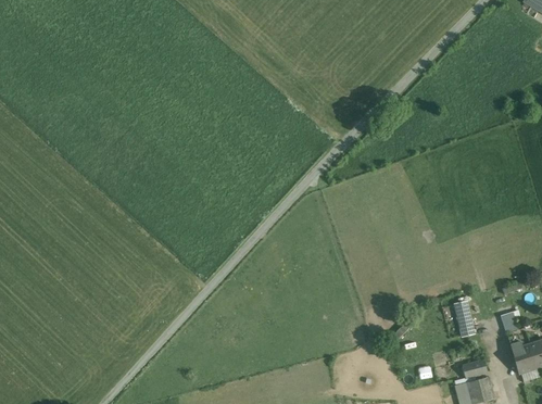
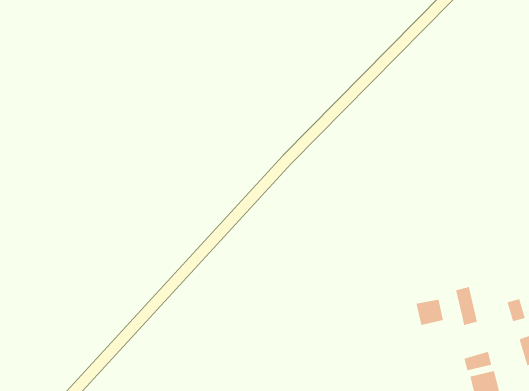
building: none -> [415,299,444,326]

